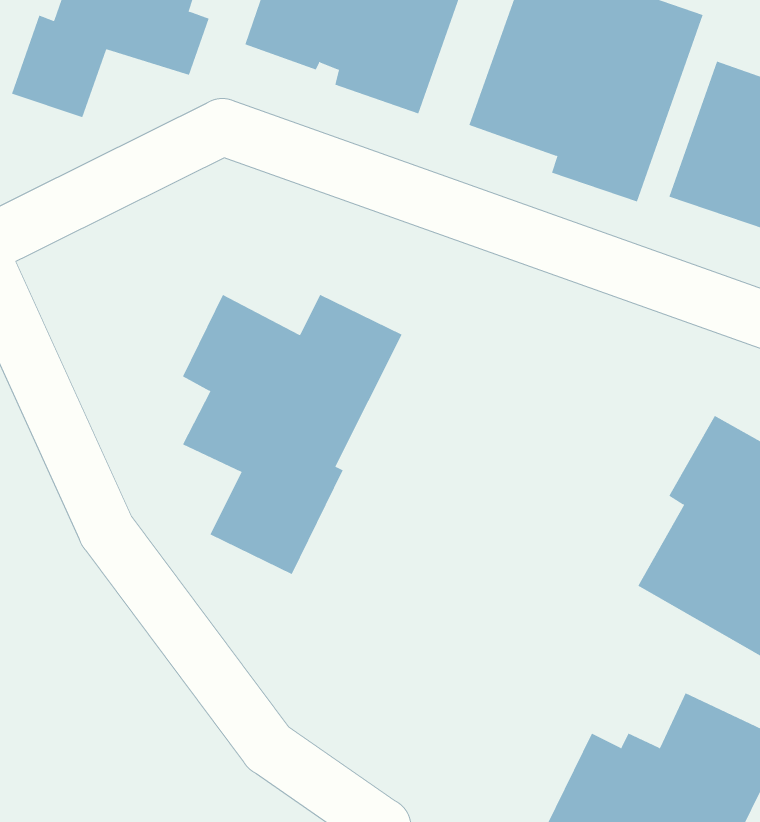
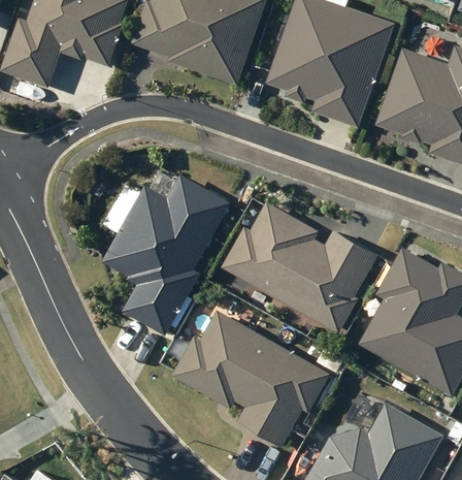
building: none -> [224,204,381,334]
building: none -> [171,308,333,449]

